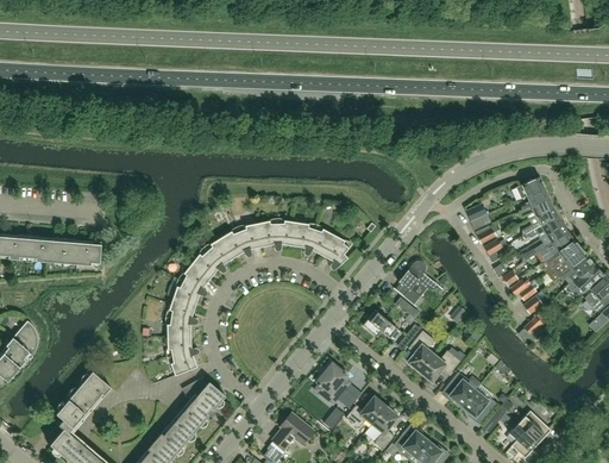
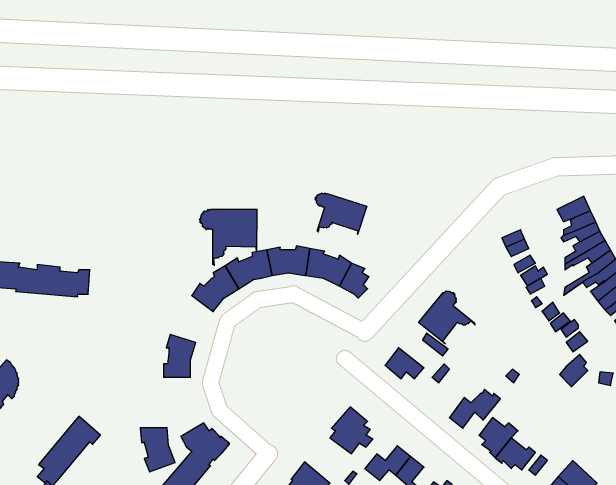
building: none -> [315,193,367,234]
building: none -> [199,209,257,265]
building: [167,264,211,306] -> none
building: [407,331,434,373] -> none
building: [167,337,197,376] -> [140,428,175,472]

